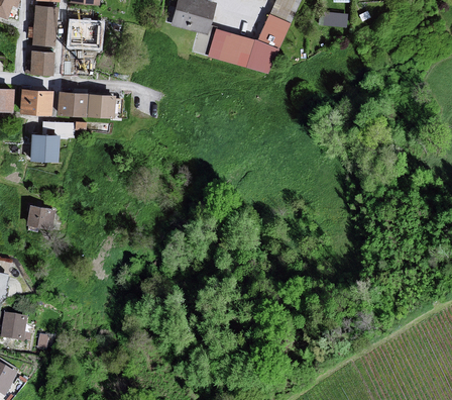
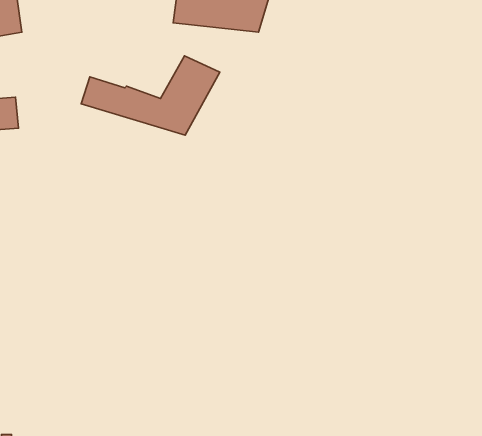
building: none -> [81,56,220,135]
building: [89,94,116,117] -> none

